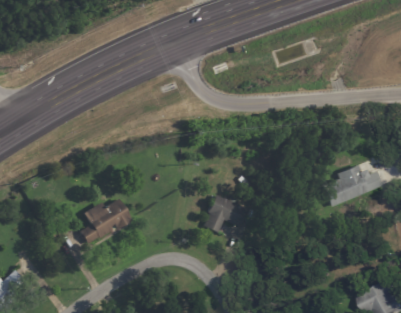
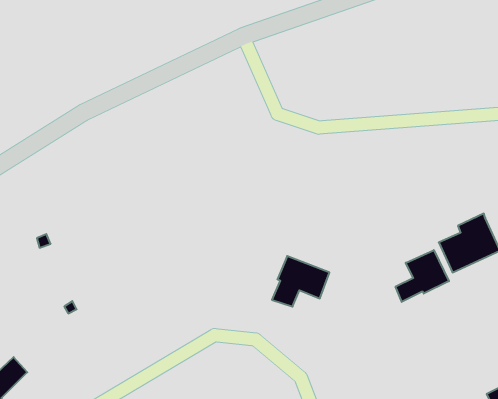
building: none -> [396,250,449,302]
building: [79,199,131,246] -> none

